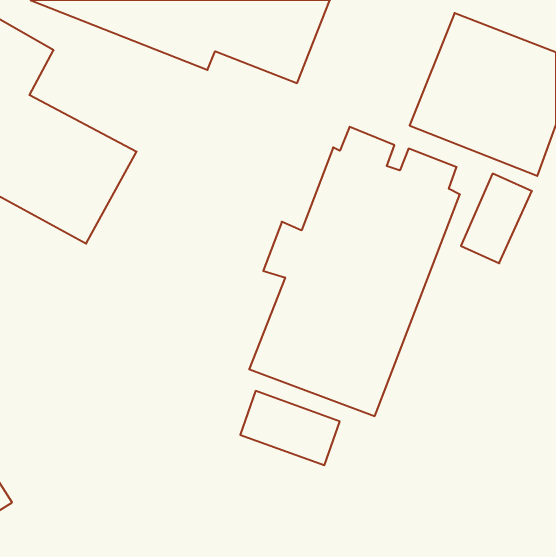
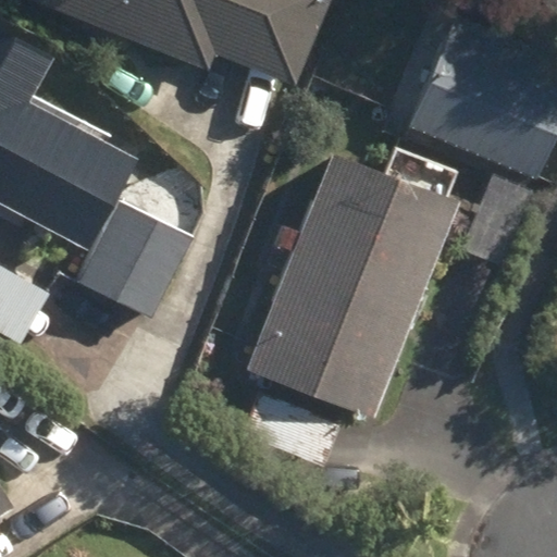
building: none -> [78,196,194,317]

